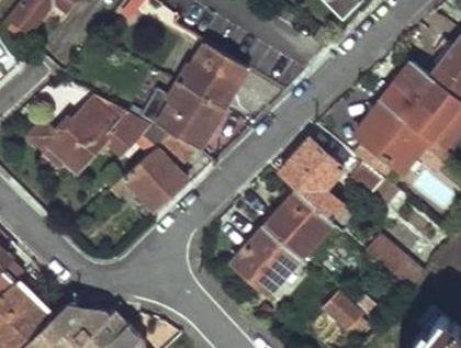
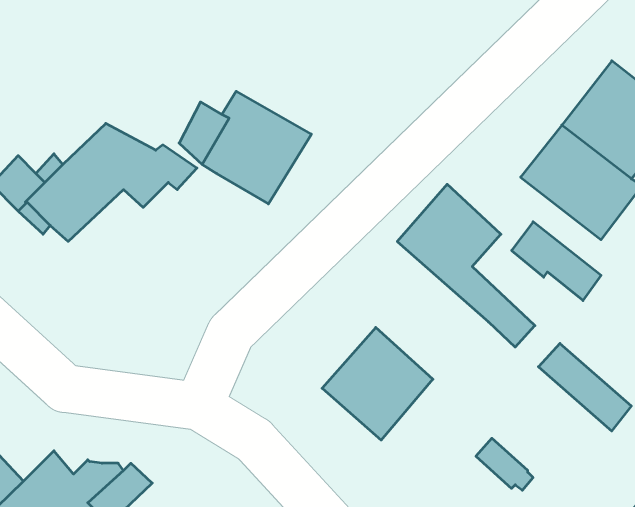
building: [179,41,249,108] -> none
building: [110,132,199,209] -> none
building: [265,190,334,259] -> none

